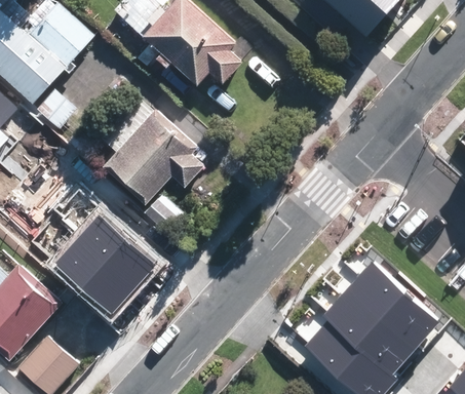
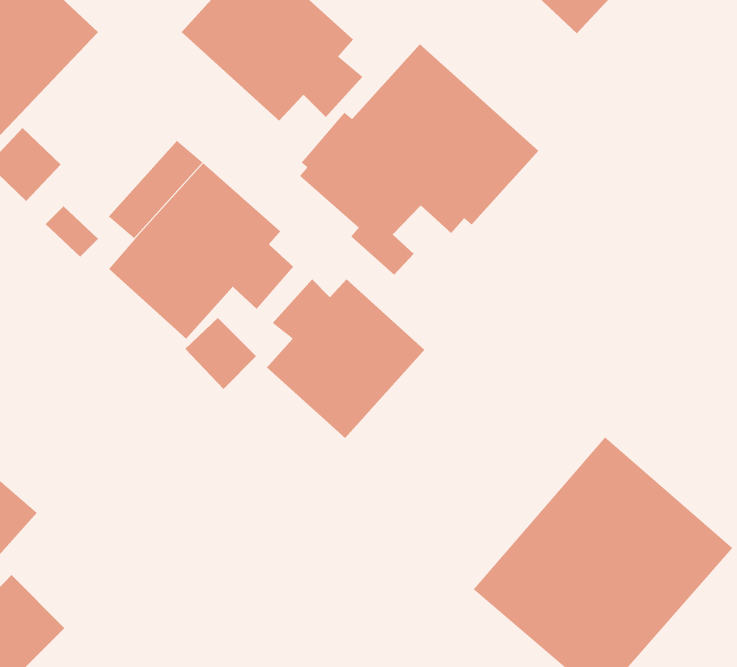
building: none -> [299,44,539,275]
building: none -> [266,279,425,439]
building: [52,216,153,315] -> none

